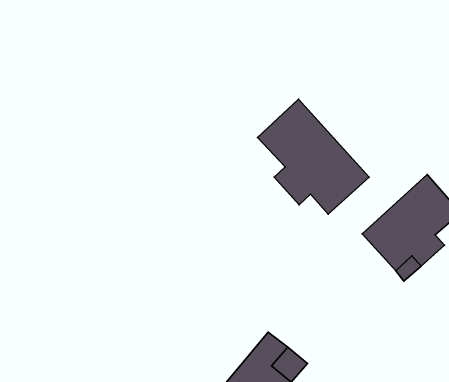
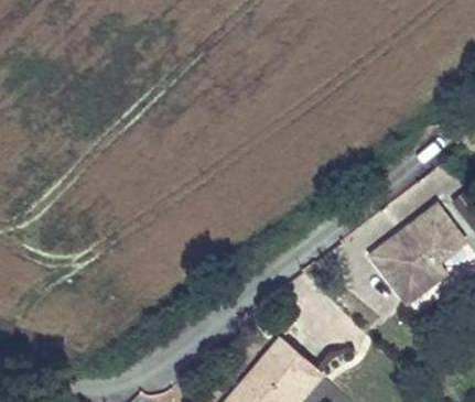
building: [258,99,369,214] -> none

